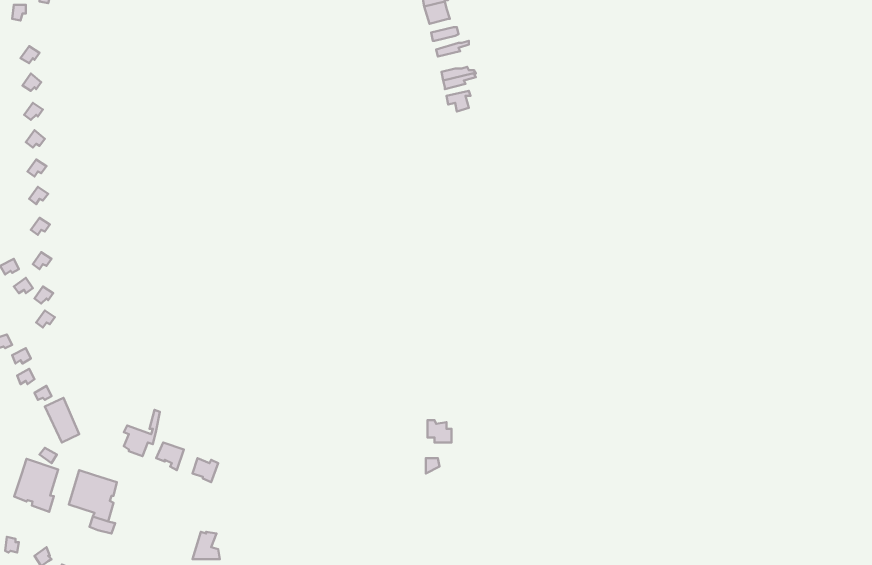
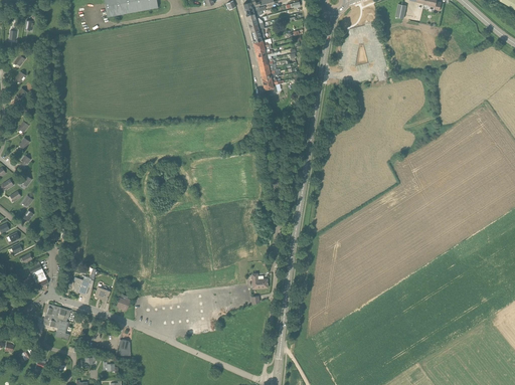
building: [14,459,58,512] -> none

